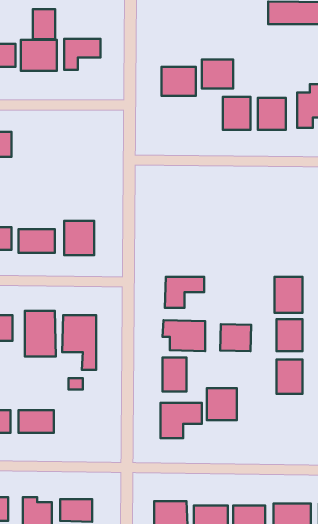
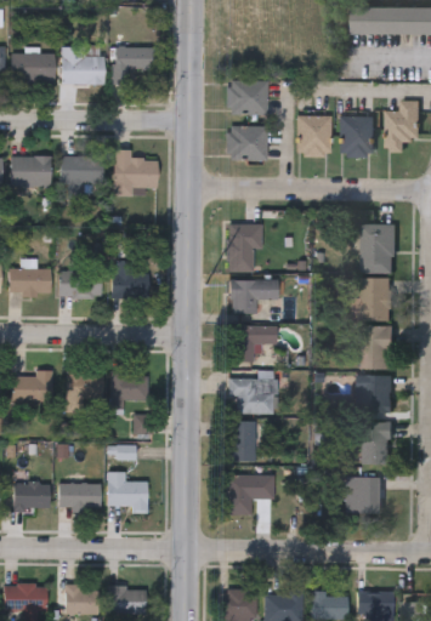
building: [33,9,55,39] -> none
building: [202,59,233,88] -> [228,125,265,159]
building: none -> [59,156,102,186]
building: none -> [114,159,158,196]
building: none -> [226,224,261,272]
building: none -> [361,224,393,273]
building: none -> [351,279,391,321]
building: none -> [229,280,278,314]
building: [220,324,251,351] -> none
building: [207,388,237,420] -> [345,477,380,514]
building: none -> [107,471,146,512]

